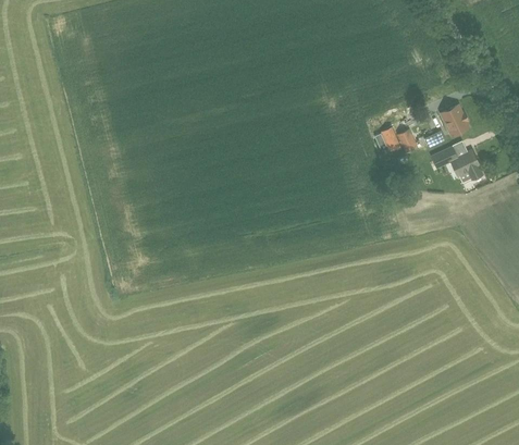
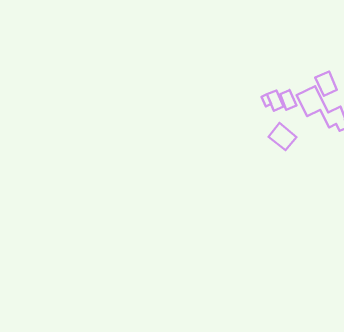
building: none -> [268,123,297,150]

